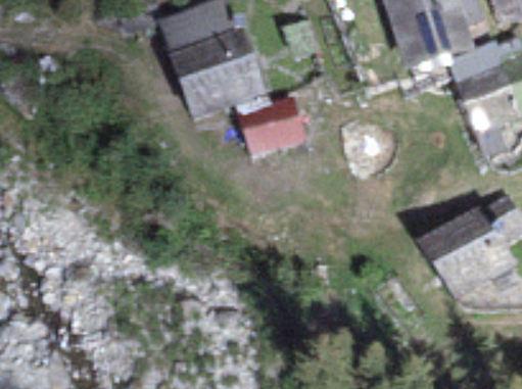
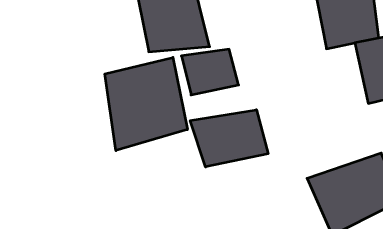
building: none -> [105,57,187,151]
building: none -> [190,110,268,167]

